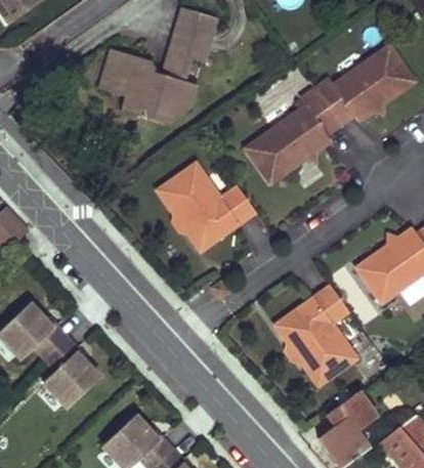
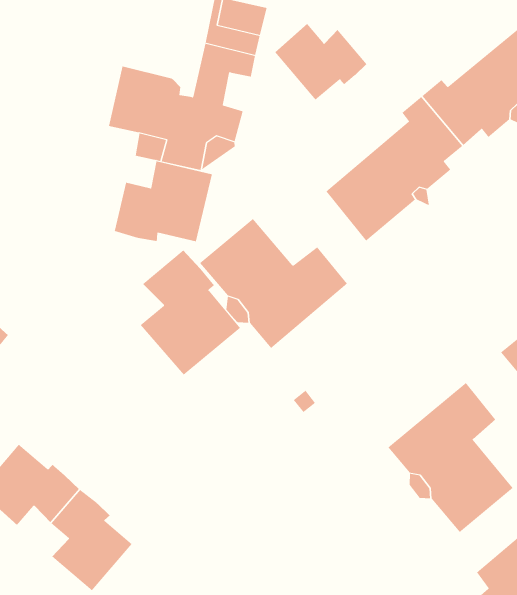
building: none -> [275,23,367,101]
building: none -> [114,160,212,242]
building: none -> [140,249,241,376]

